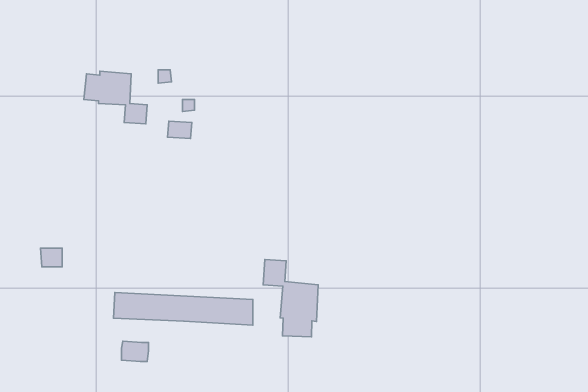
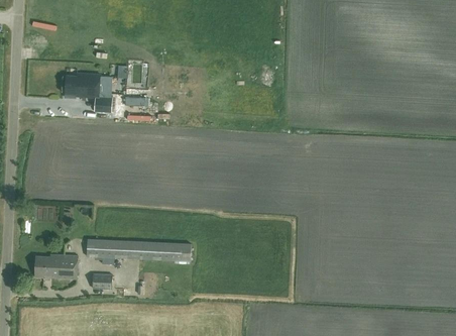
building: [263,260,318,337] -> none
building: none -> [34,254,77,279]

